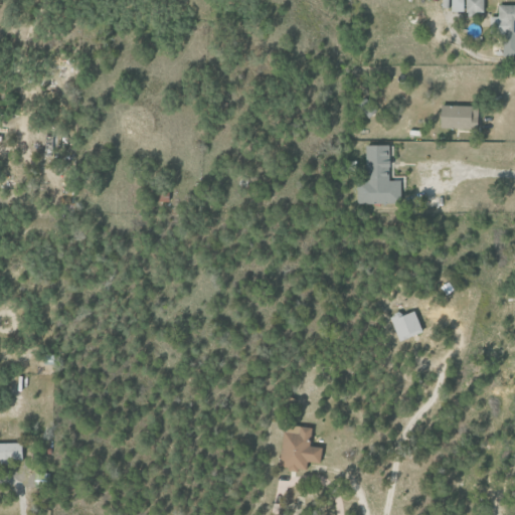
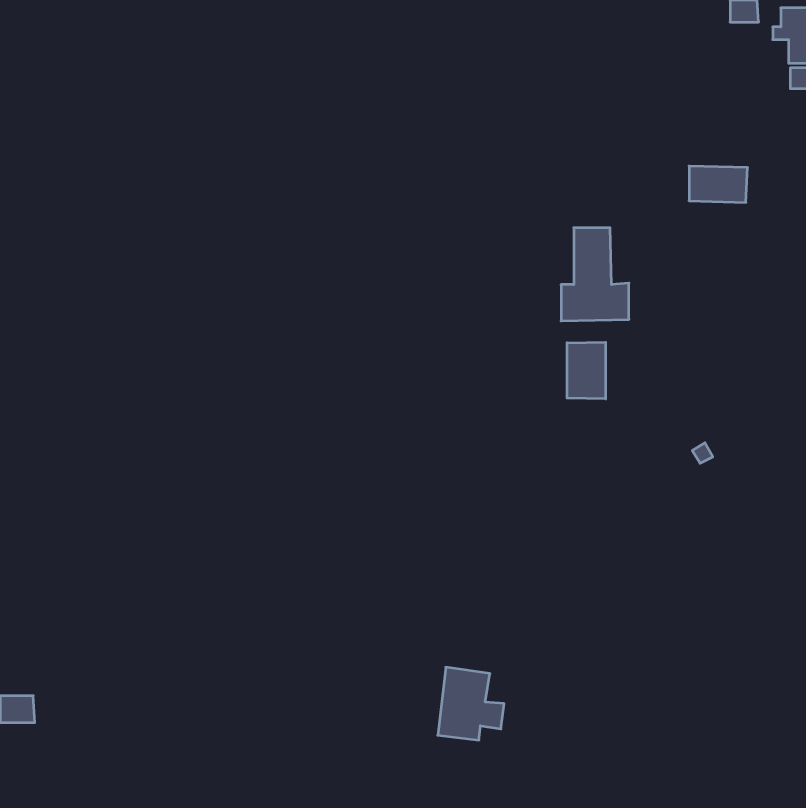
building: none -> [567,342,606,399]
building: [390,311,422,341] -> none

